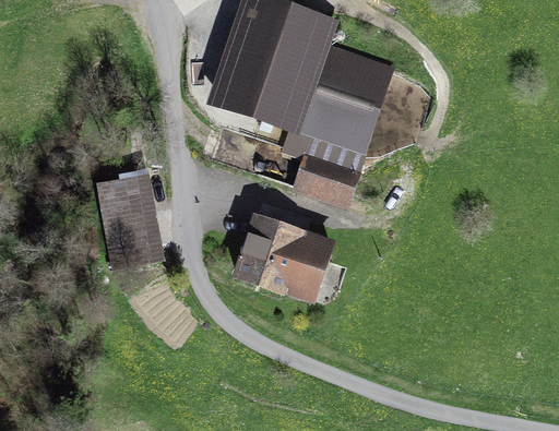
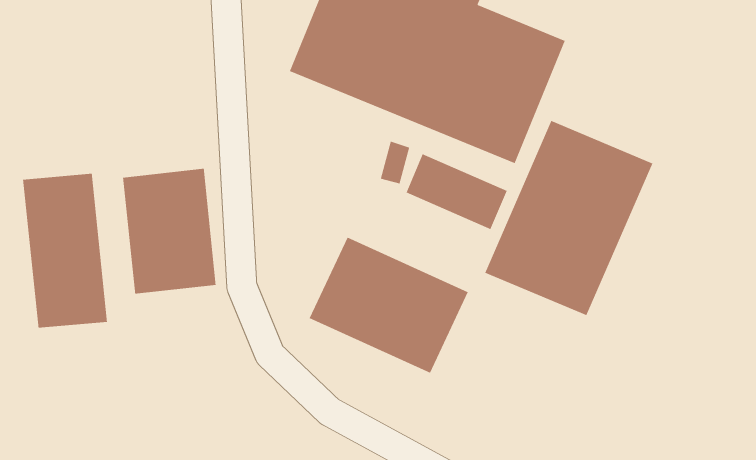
building: none -> [484,120,653,316]
building: none -> [22,173,108,329]

